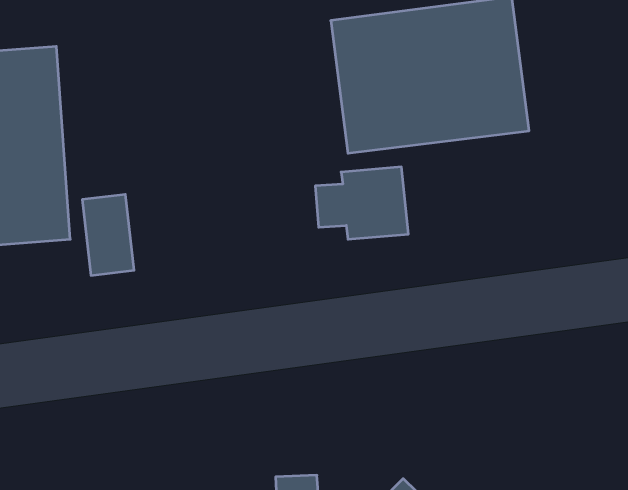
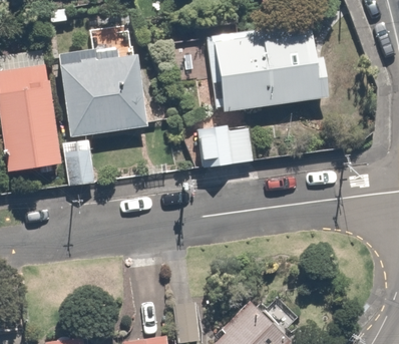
building: none -> [59,48,143,133]

